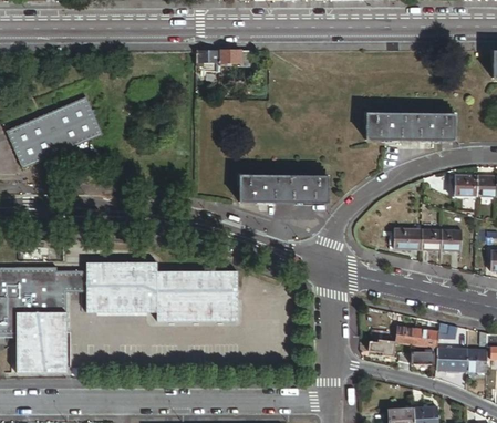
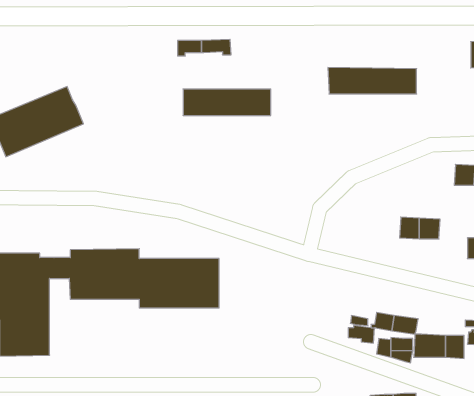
building: [365,113,455,140] -> [328,68,417,94]
building: [239,175,328,202] -> [183,89,271,115]
building: [453,175,477,196] -> none
building: [393,227,422,249] -> none

